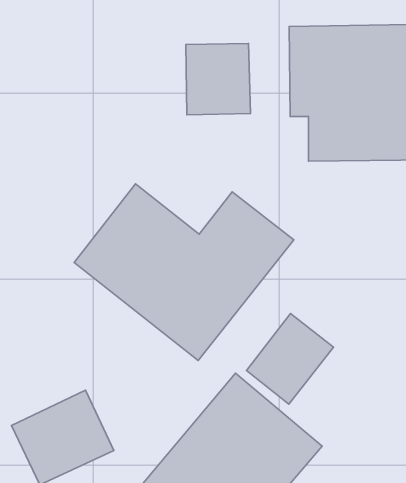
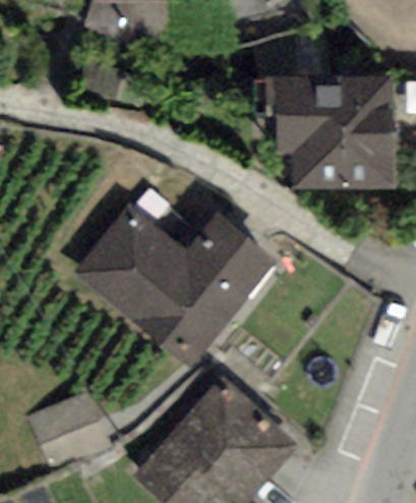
building: [186,44,251,115] -> none
building: [247,313,334,404] -> none

